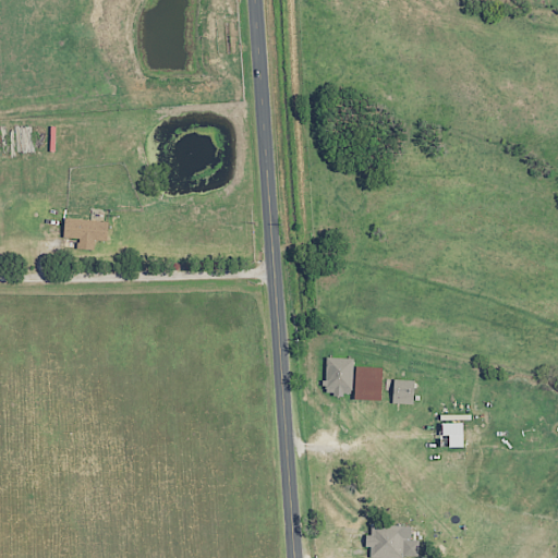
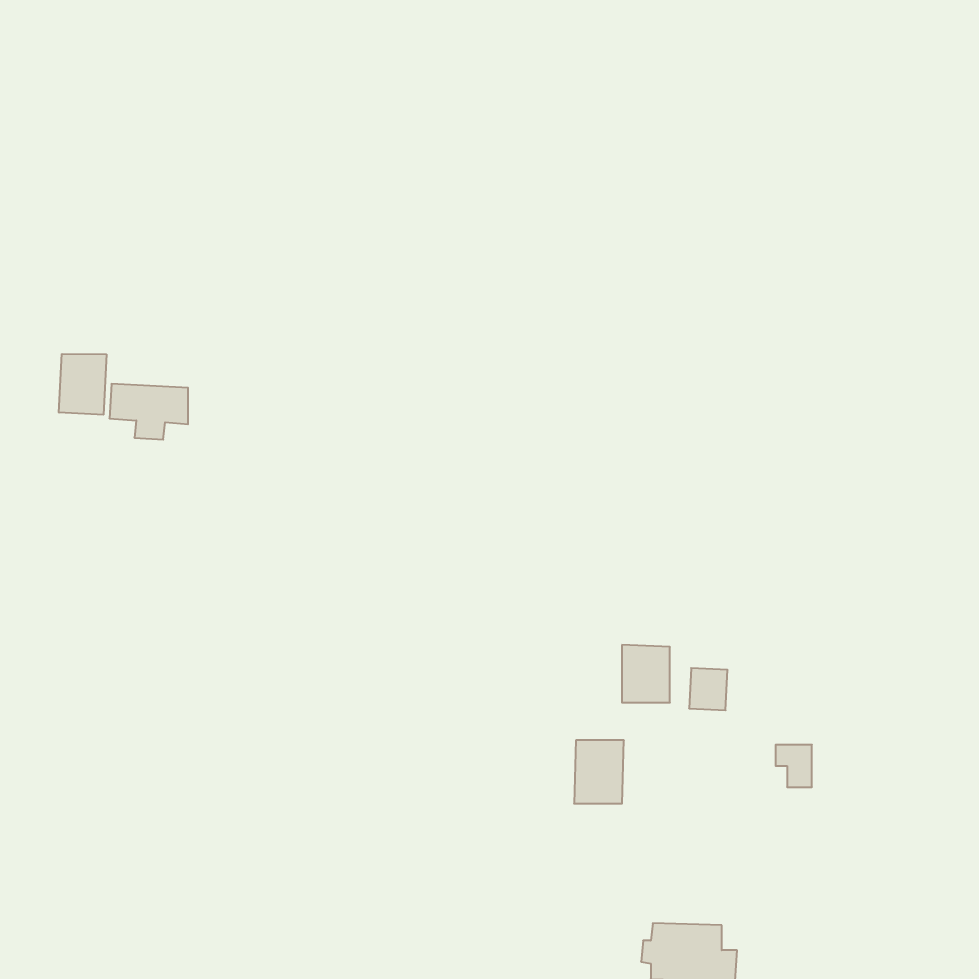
building: none -> [59,354,106,415]
building: [325,359,353,395] -> [574,740,624,804]

